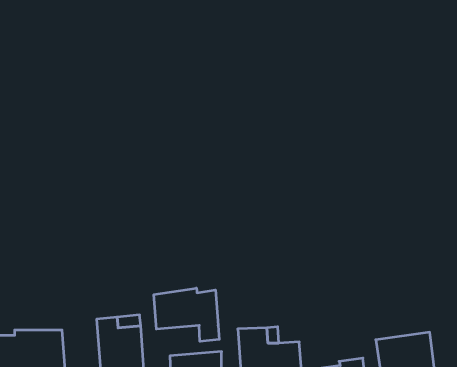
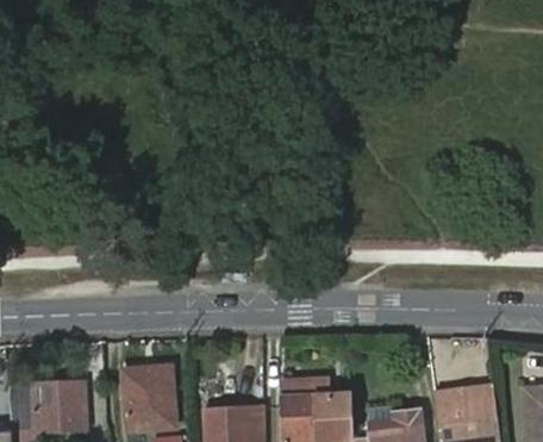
building: [154,288,219,341] -> none

